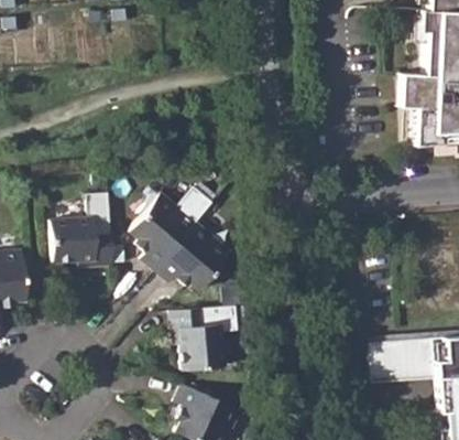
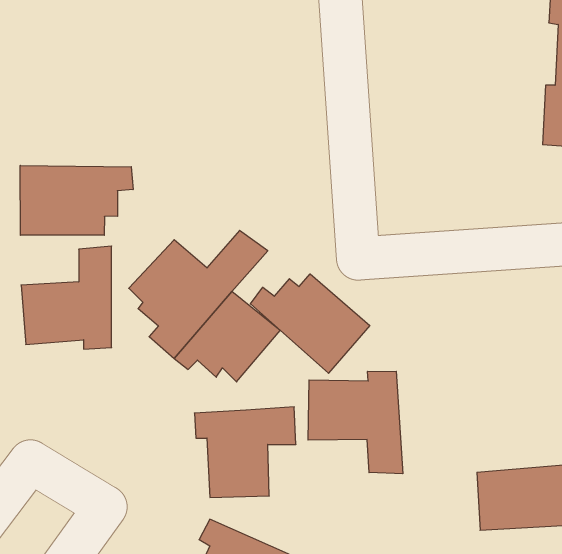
building: none -> [20,165,133,235]
building: none -> [250,274,370,373]
building: none -> [308,371,403,474]

